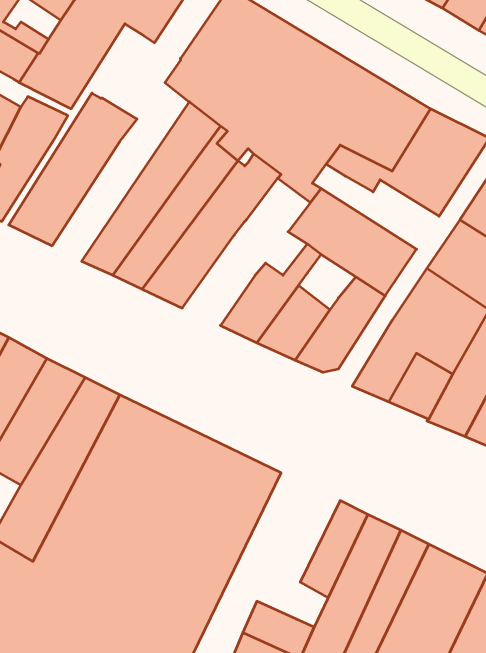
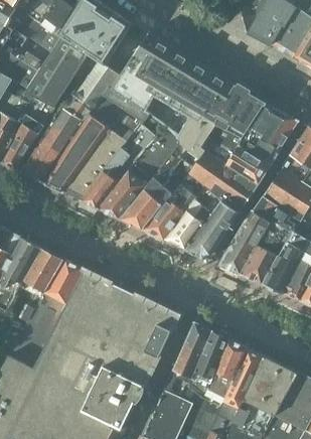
building: none -> [43,61,124,192]
building: none -> [195,136,269,185]
building: none -> [120,169,175,230]
building: none -> [163,322,211,405]

